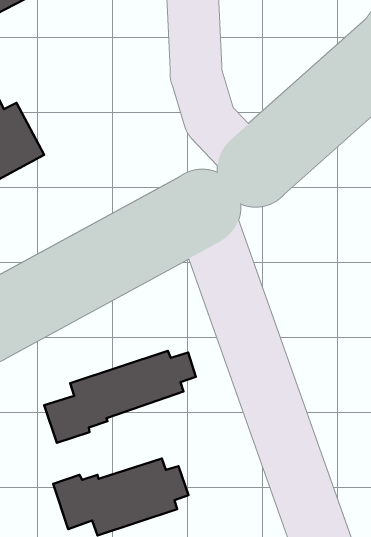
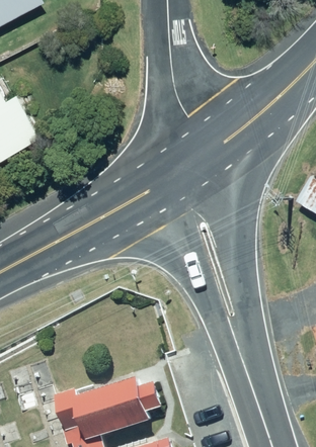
building: [44,351,196,443] -> none

